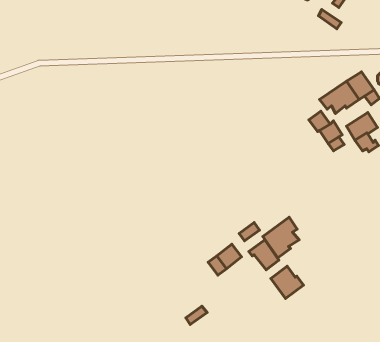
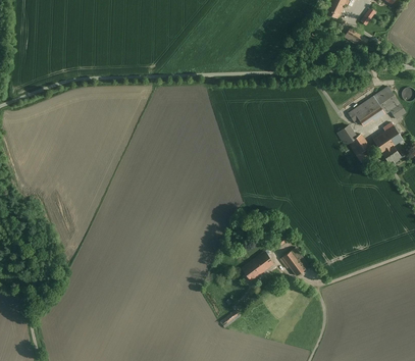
building: [263,217,299,258] -> none
building: [271,266,303,299] -> none

